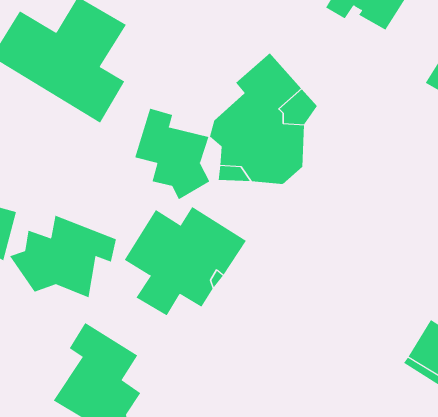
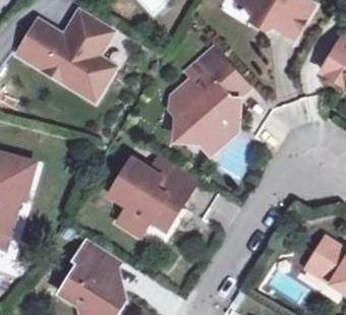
building: [135,108,210,200] -> none
building: [9,215,117,298] -> none

